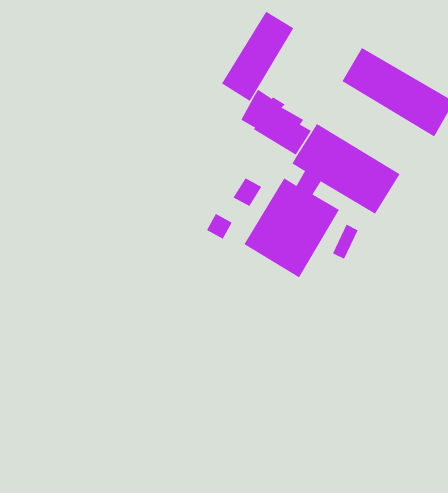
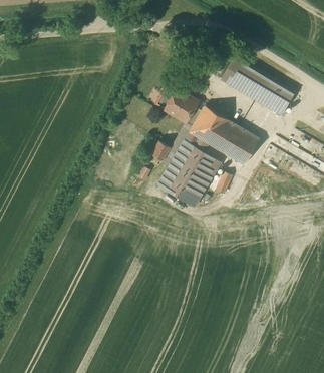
building: [221,11,294,102] -> none

